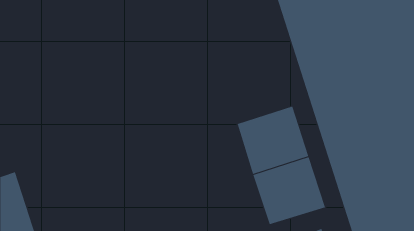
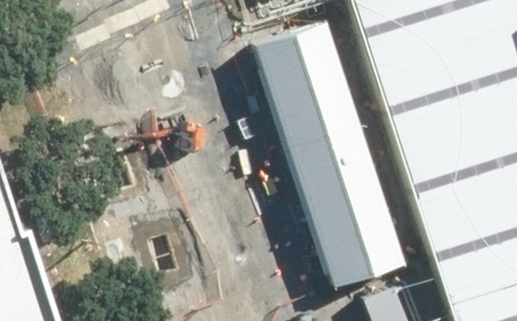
building: none -> [255,14,365,161]

